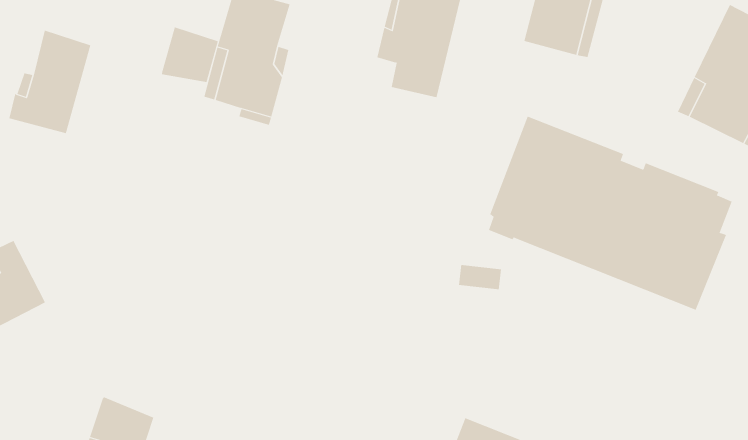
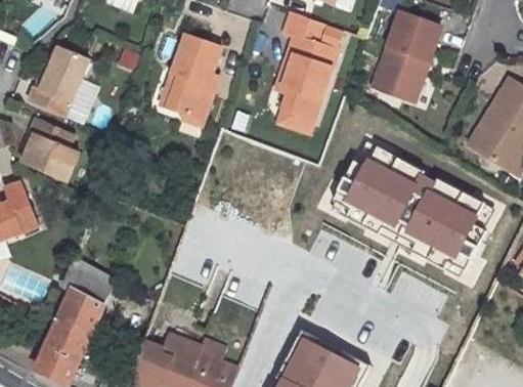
building: [162,27,219,83] -> none
building: none -> [25,118,80,181]
building: none -> [61,257,115,307]

